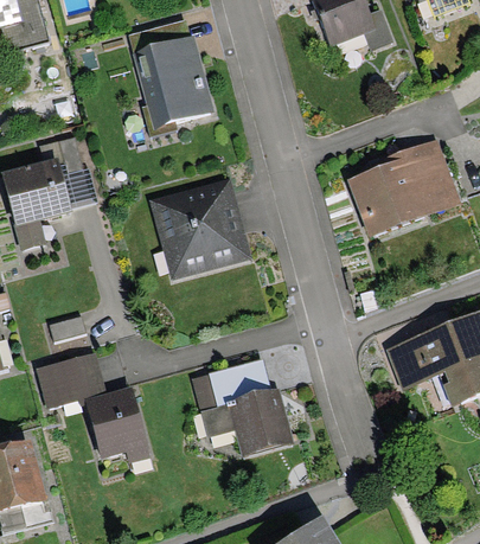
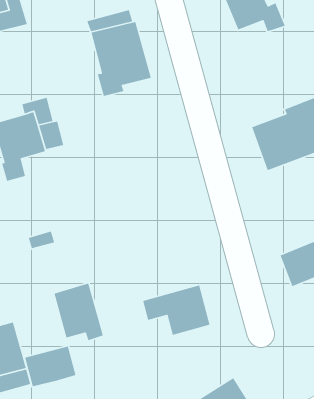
building: [148,177,252,281] -> none
building: [37,353,107,409] -> [24,346,76,387]
building: [193,360,270,410] -> none

